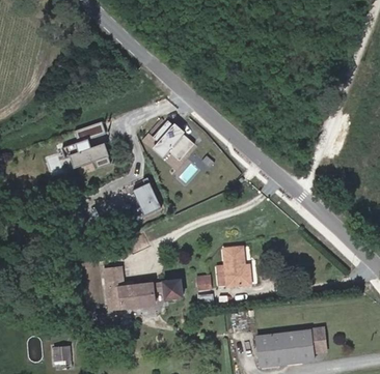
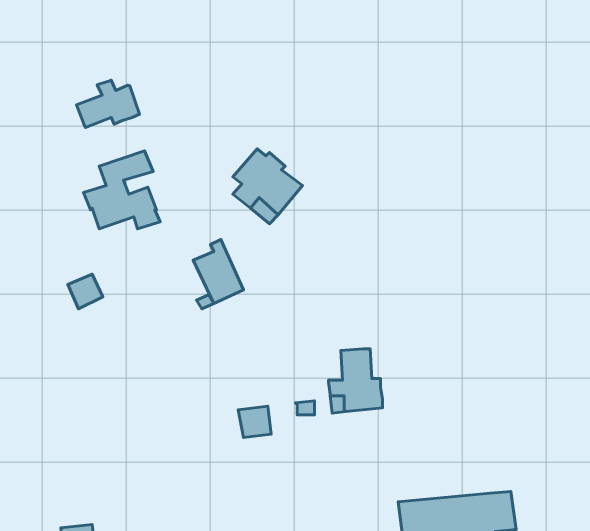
building: none -> [77,80,140,127]
building: [103,264,153,307] -> none

